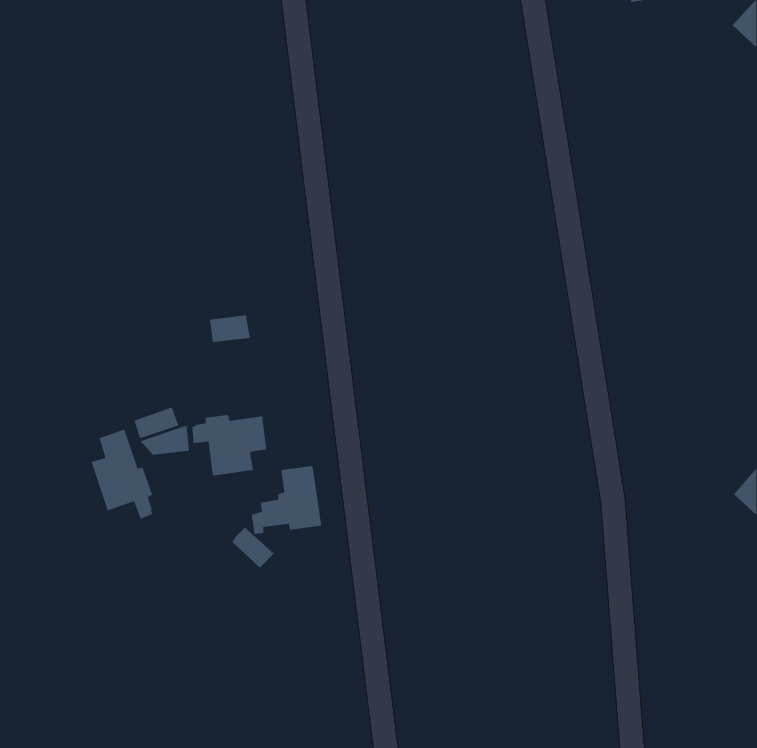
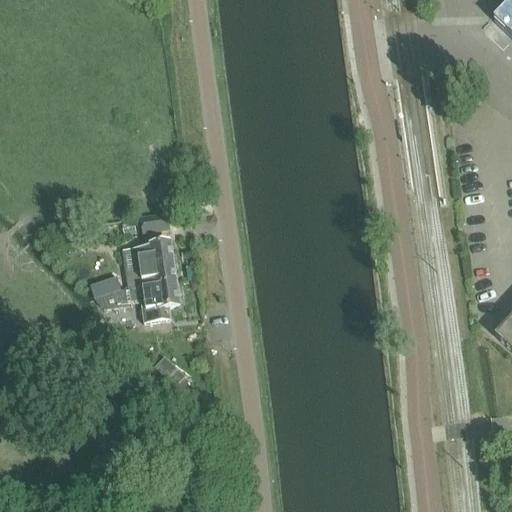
building: [91,429,153,520] -> none
building: [251,465,322,535] -> [129,239,177,286]

